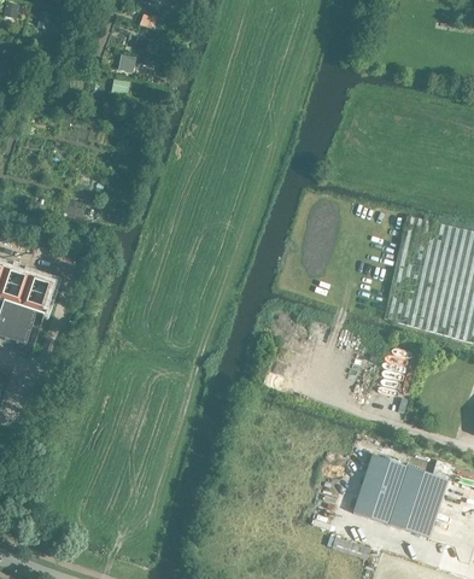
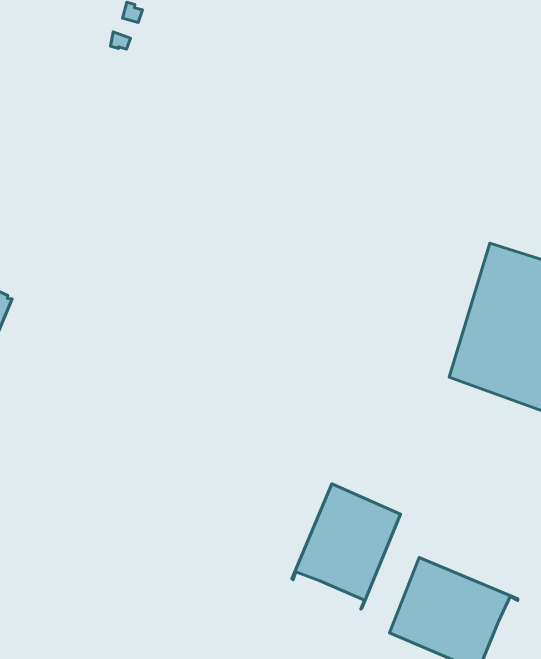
building: none -> [292,484,401,609]

